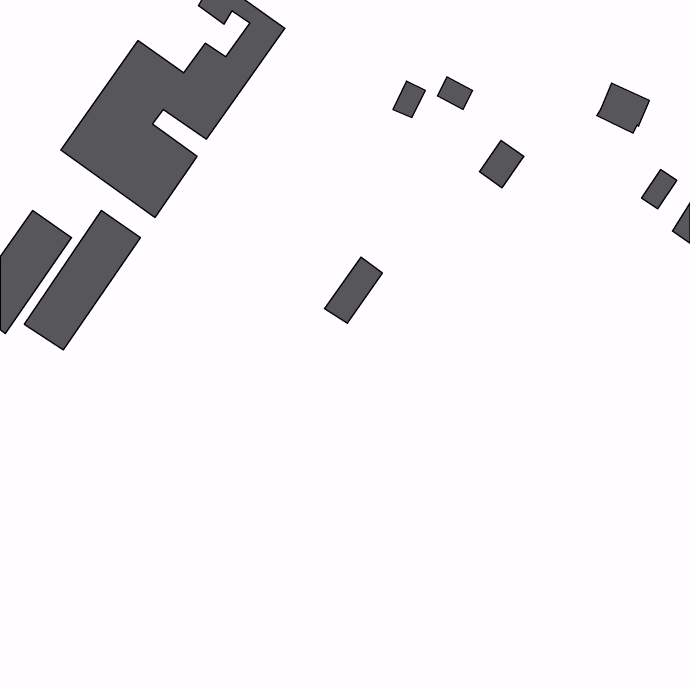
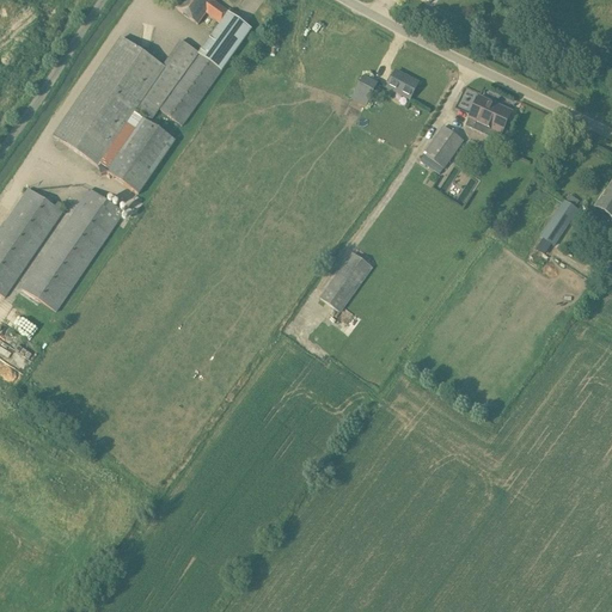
building: [597,83,649,133] -> [465,94,512,139]
building: [642,170,677,209] -> [540,209,571,244]
building: [324,257,382,323] -> [320,251,372,310]

